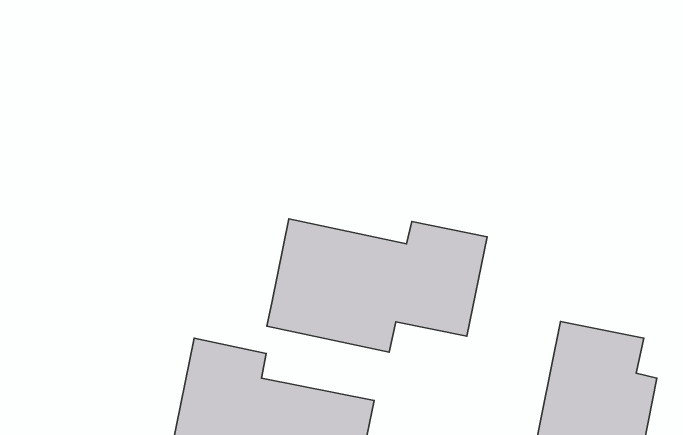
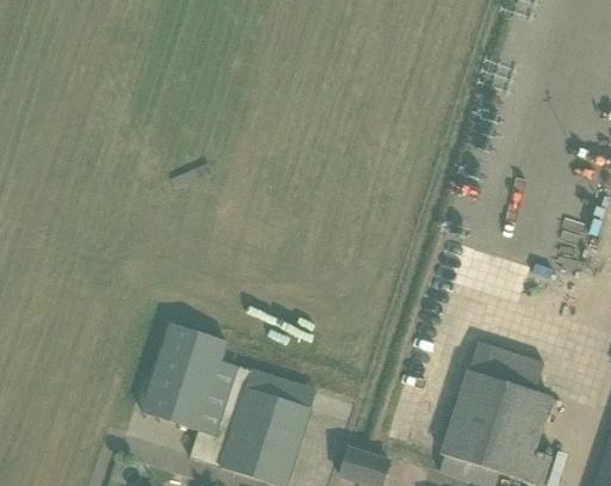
building: [267,219,487,352] -> none

